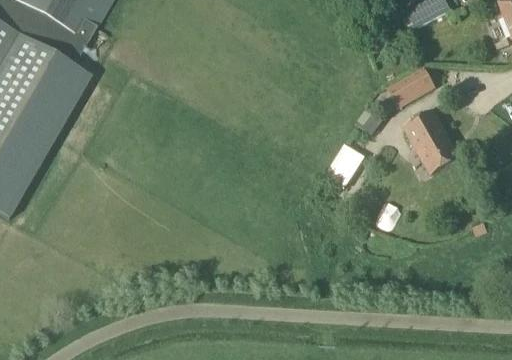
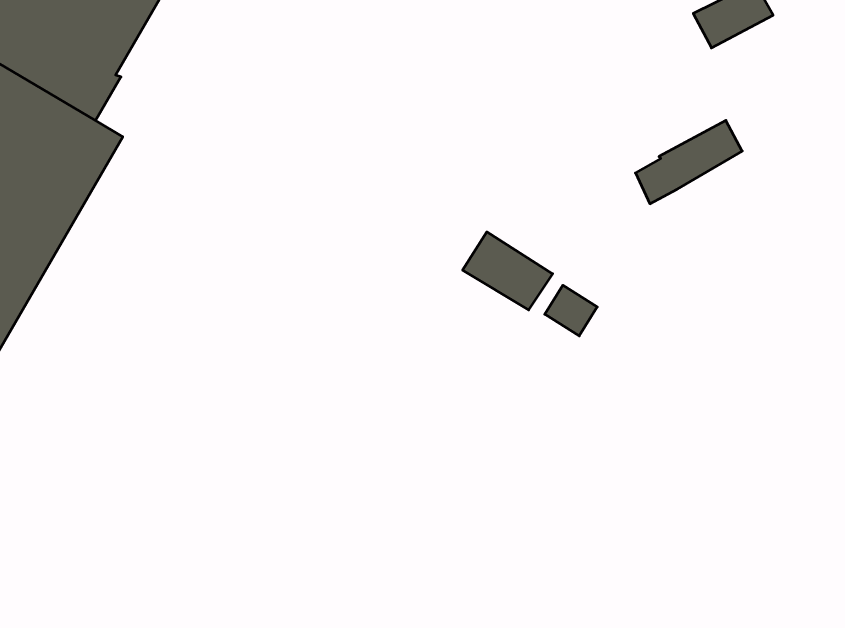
building: [403,109,458,172] -> none
building: none -> [463,232,553,310]

